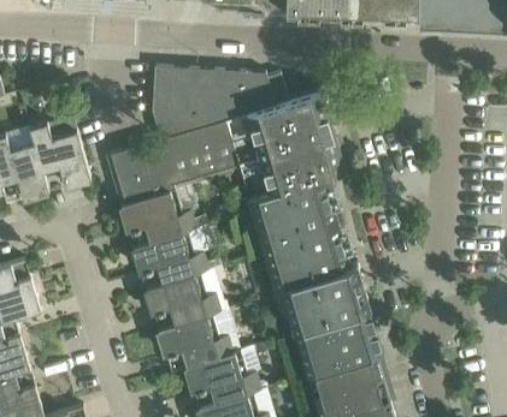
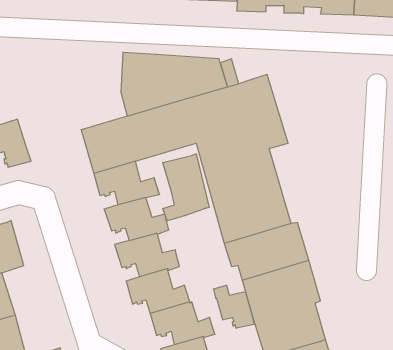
building: [30,123,90,186] -> none
building: none -> [163,154,209,221]
building: none -> [214,285,254,328]

